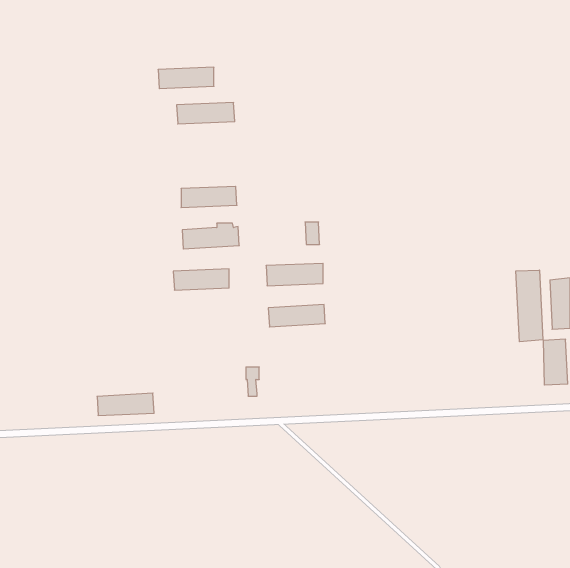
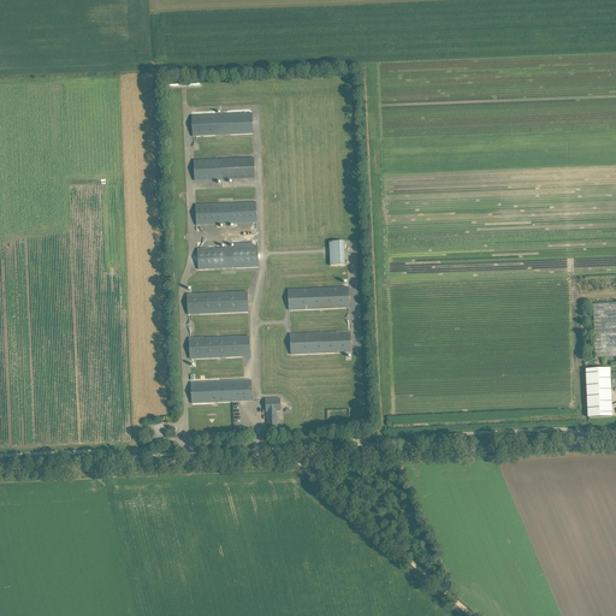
building: [158,67,214,89] -> [192,156,253,179]
building: [516,270,543,342] -> none
building: none -> [188,334,249,357]
building: [97,393,154,415] -> [190,379,251,403]

